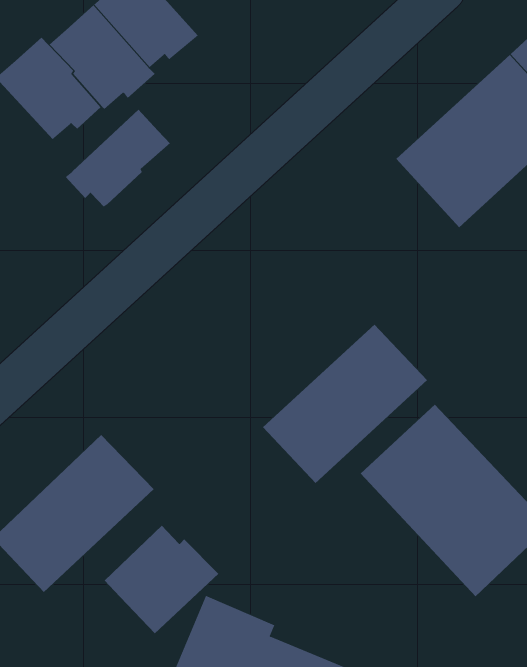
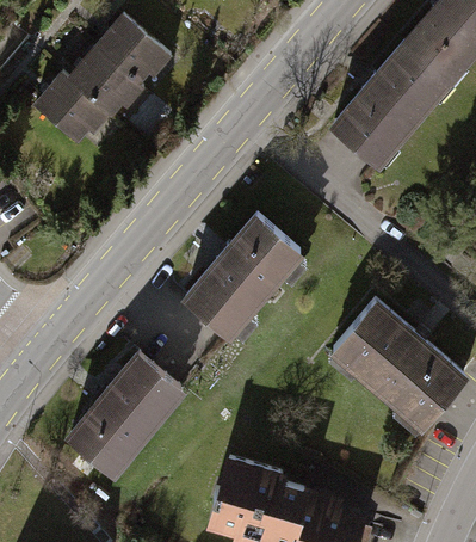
building: [65,109,171,207] -> none
building: [262,324,428,484] -> [187,213,302,332]
building: [104,525,219,634] -> none

